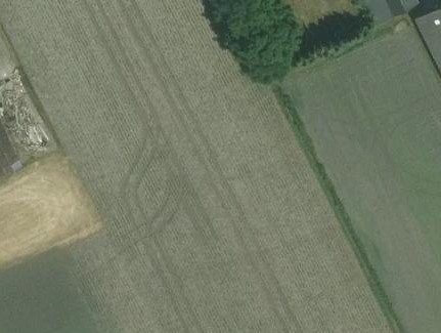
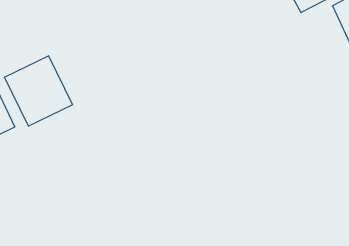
building: none -> [5,56,72,126]

